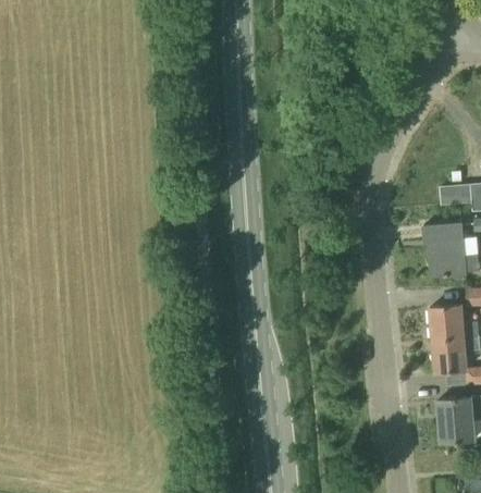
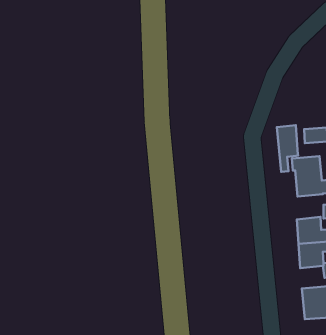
building: none -> [277,125,298,172]

